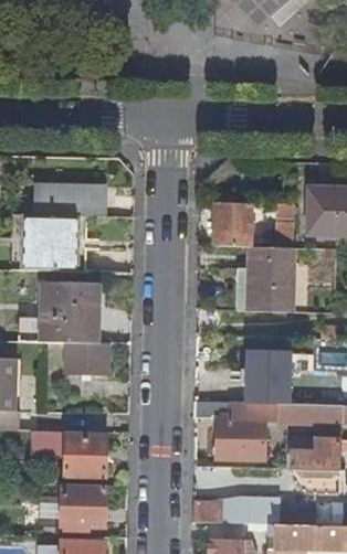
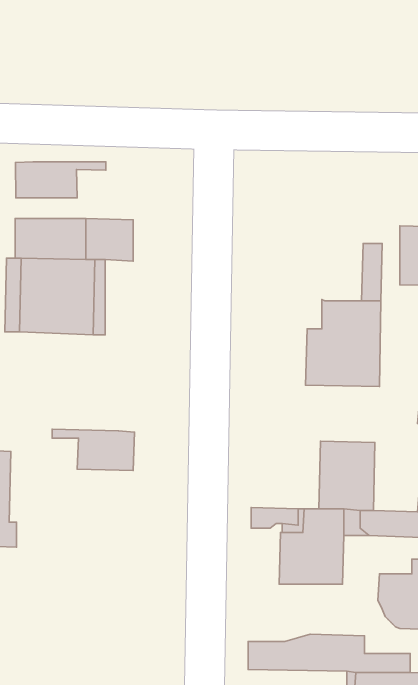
building: none -> [15,162,106,198]
building: [214,202,253,246] -> none
building: [40,284,98,343] -> none
building: [31,430,106,477] -> none
building: [62,488,105,528] -> none

